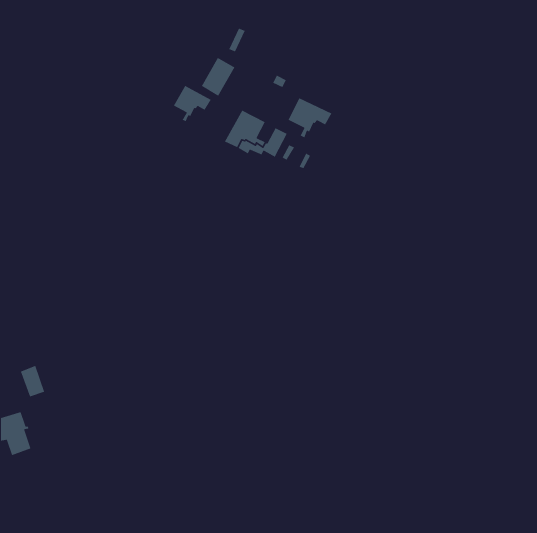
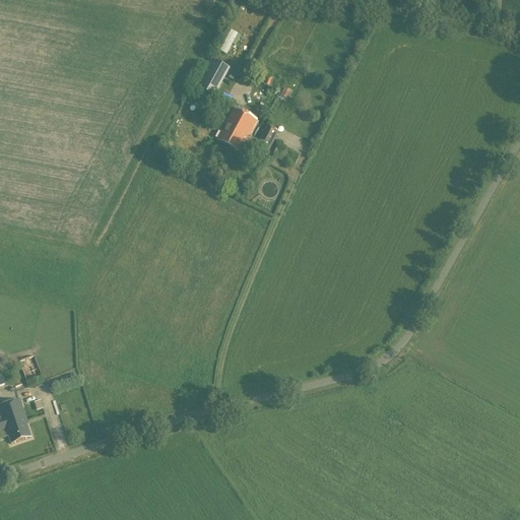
building: [173,85,212,122] -> none
building: [287,97,332,138] -> none

